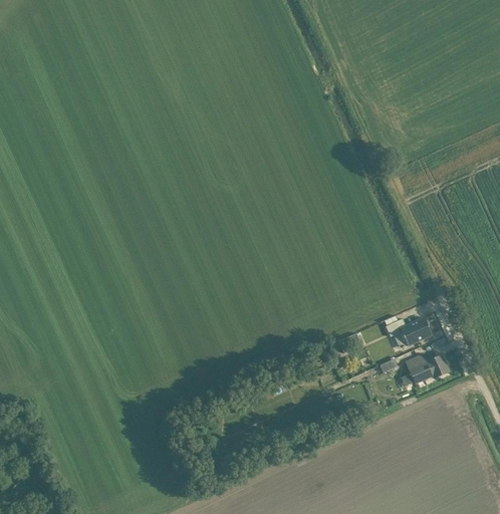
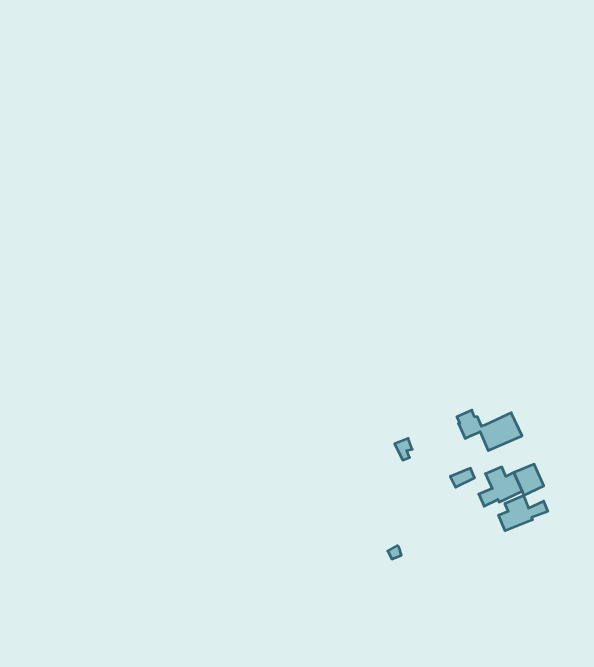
building: none -> [499,495,548,531]

